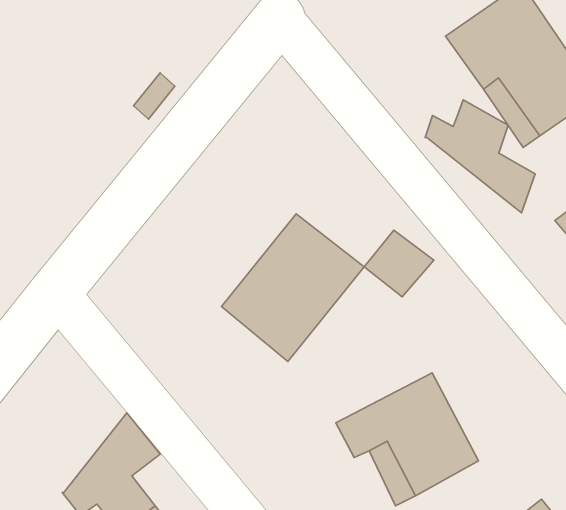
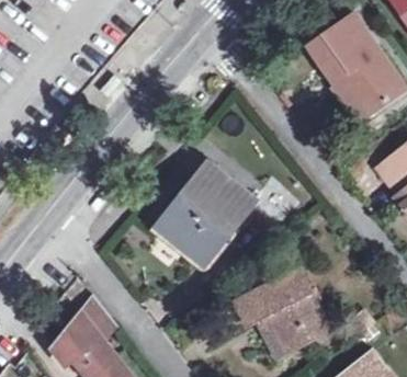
building: [425,100,535,213] -> none

